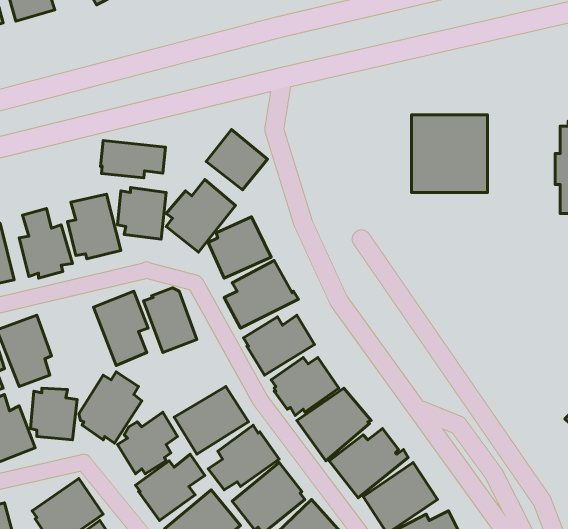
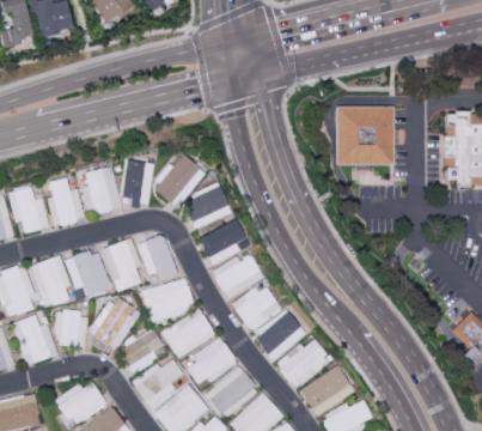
building: [206,130,268,190] -> none
building: [101,141,166,178] -> none
building: none -> [63,250,111,301]
building: none -> [140,277,194,323]

